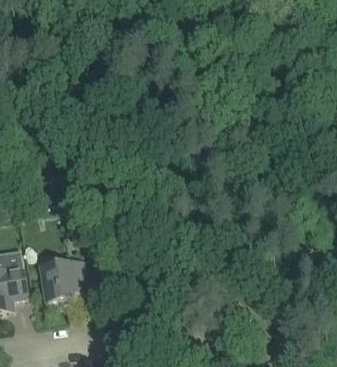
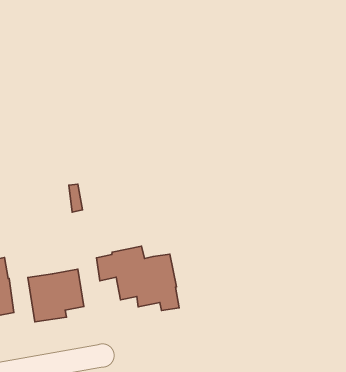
building: none -> [97,246,179,310]

